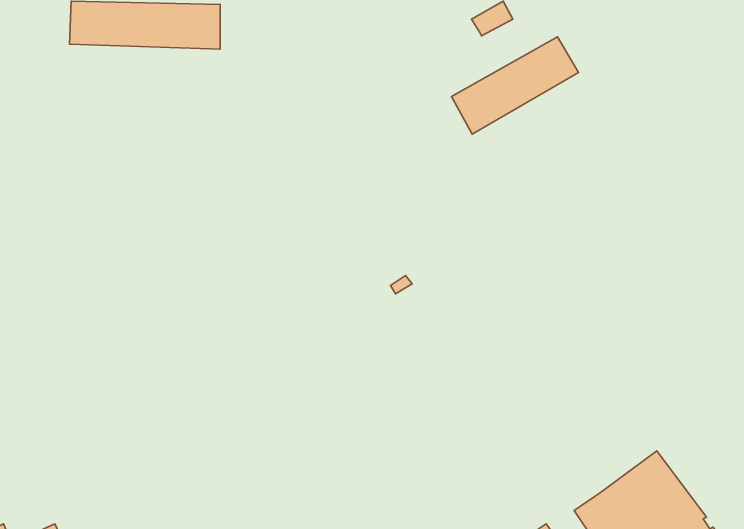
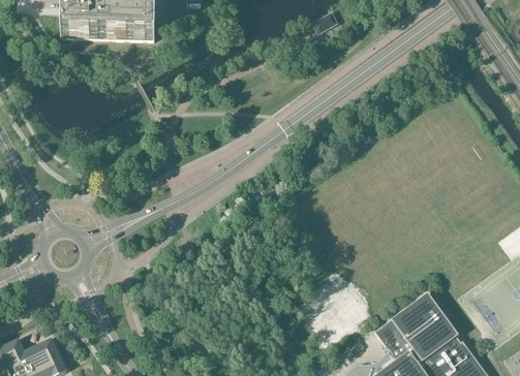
building: [452,37,578,134] -> none

